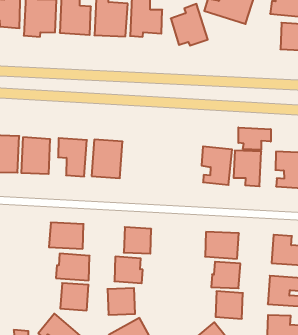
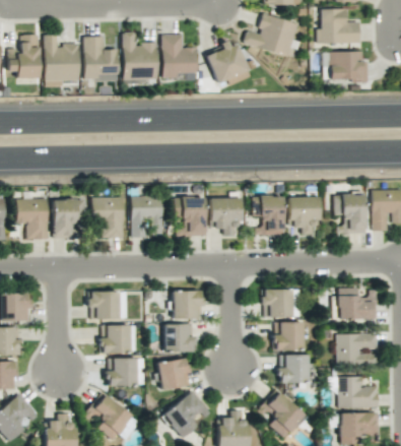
building: [238,127,271,150] -> none
building: none -> [174,197,206,237]
building: none -> [210,197,241,237]

